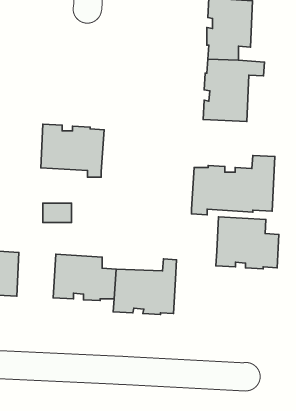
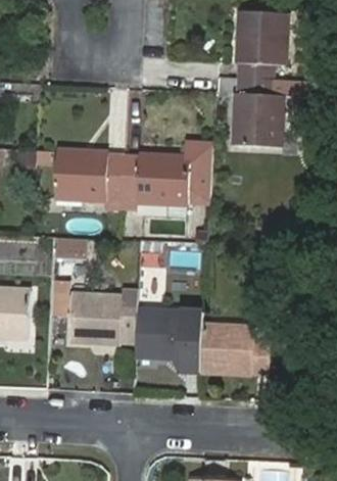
building: [191,155,275,215] -> [121,142,212,207]
building: [216,217,279,269] -> [199,320,269,377]

